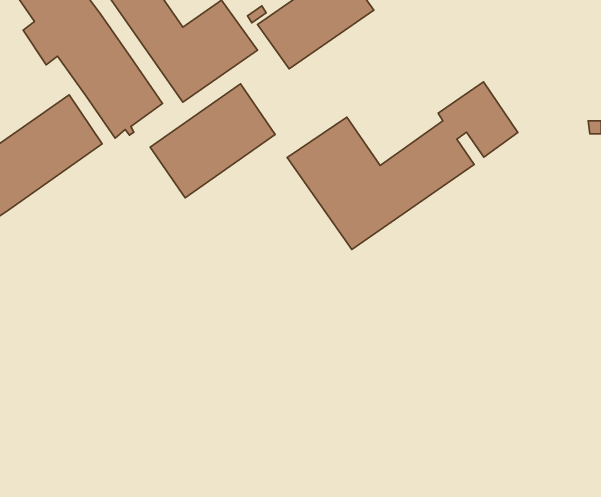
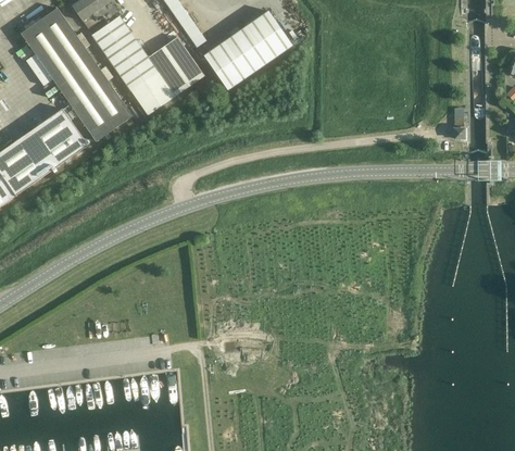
building: [287,82,518,249] -> none
building: [150,84,275,198] -> none

